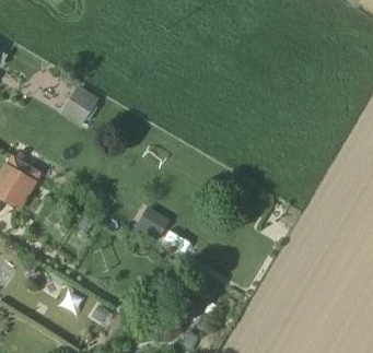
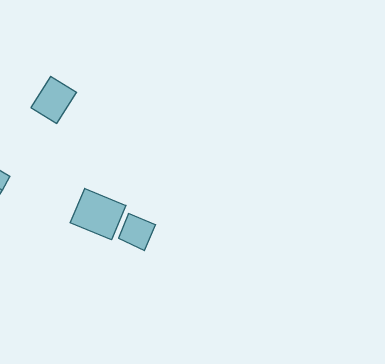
building: none -> [70,188,126,240]

